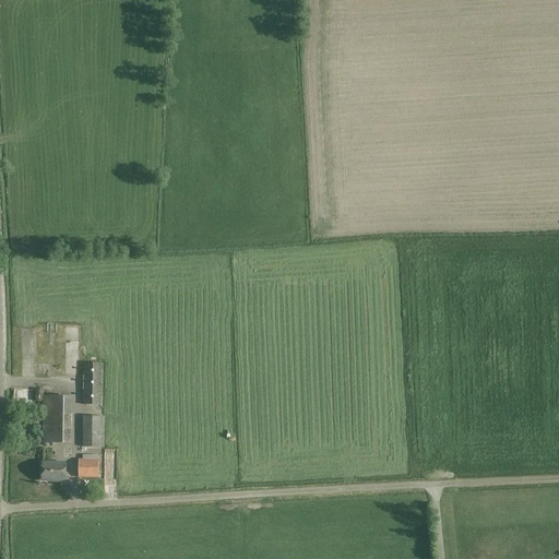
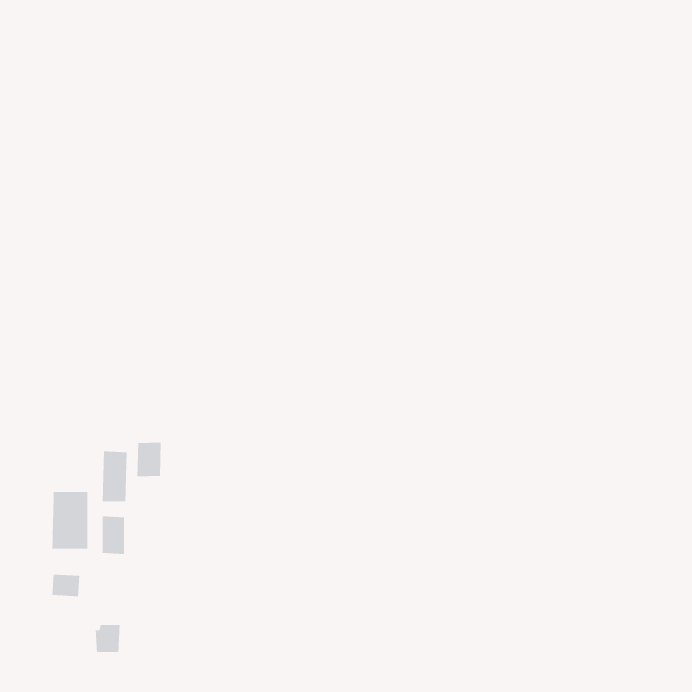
building: none -> [136,442,162,477]
building: [78,454,98,477] -> [95,624,121,653]

